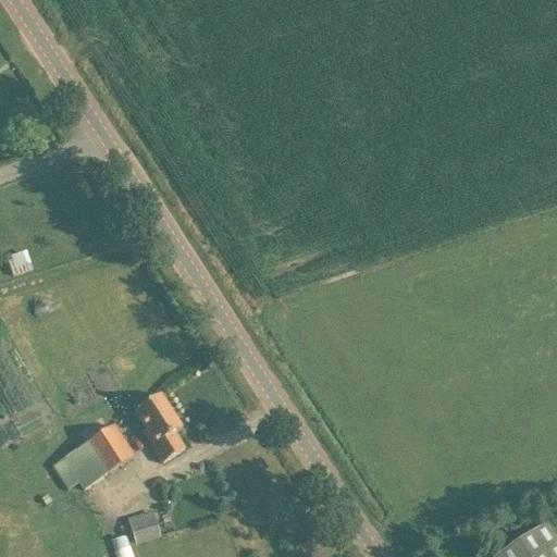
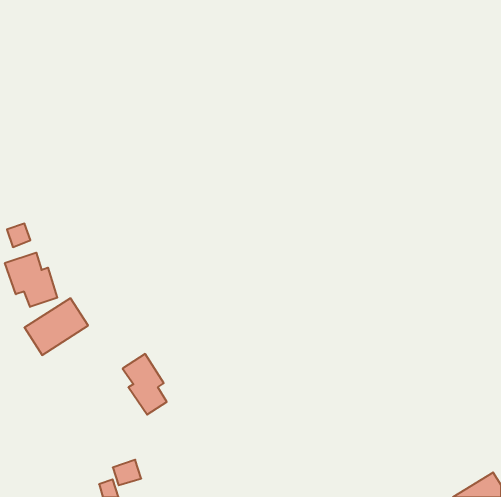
building: none -> [5,253,57,307]
building: [63,423,134,486] -> [24,298,88,355]

